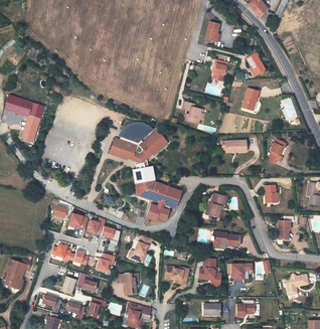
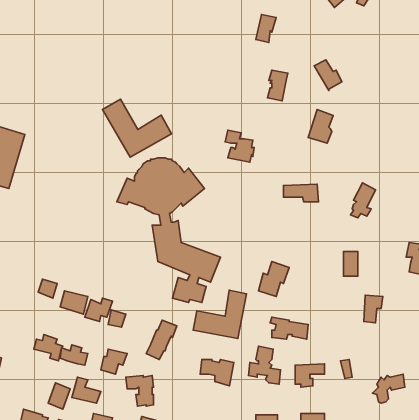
building: none -> [103,99,172,157]
building: none -> [193,290,246,339]

